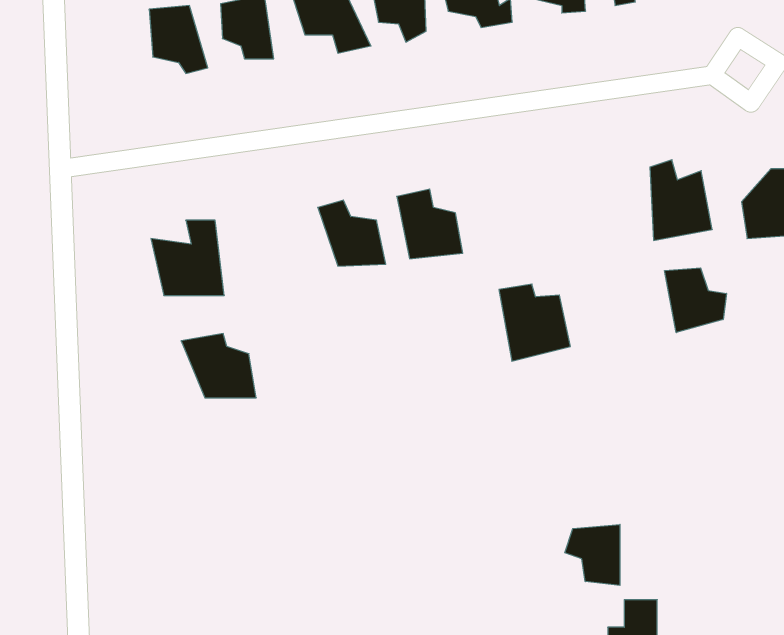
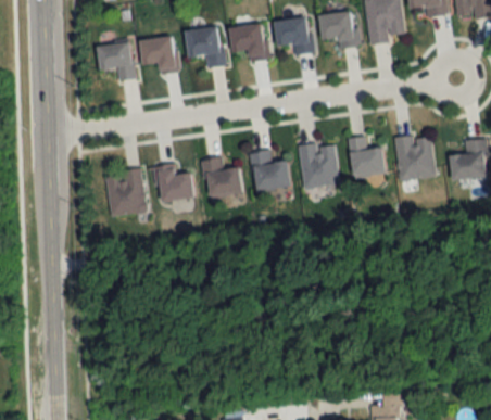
building: none -> [352,135,382,173]
building: [665,268,726,333] -> none
building: [499,284,570,361] -> [299,140,341,186]
building: [181,334,256,398] -> [149,162,193,200]
building: [565,524,620,585] -> none

